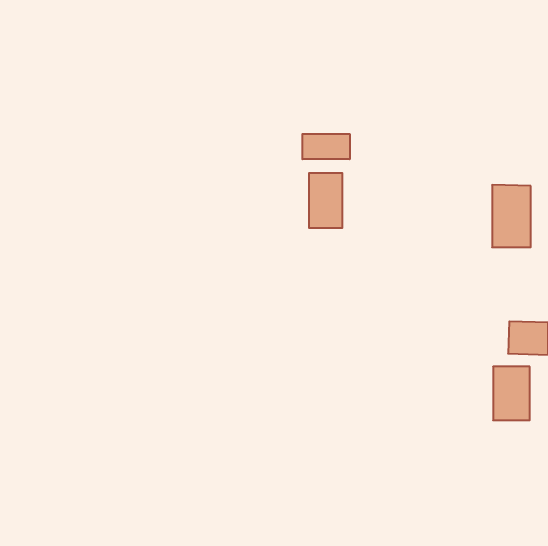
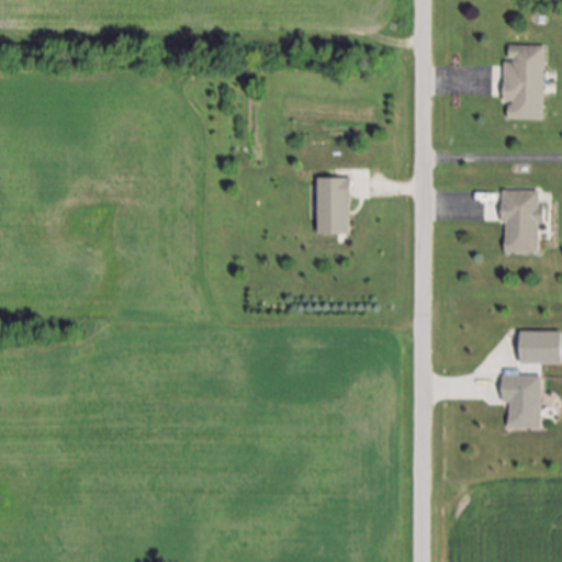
building: none -> [504,44,544,119]
building: [302,134,350,159] -> none

